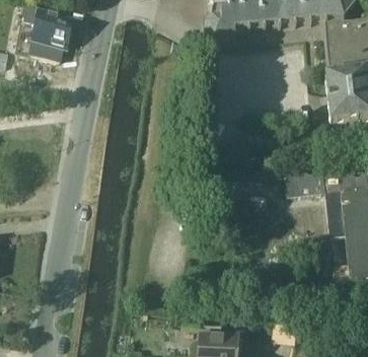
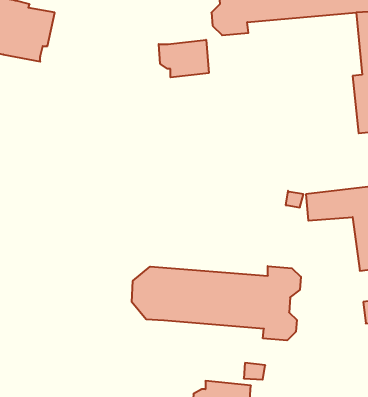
building: none -> [159,40,209,77]
building: none -> [132,266,301,340]

